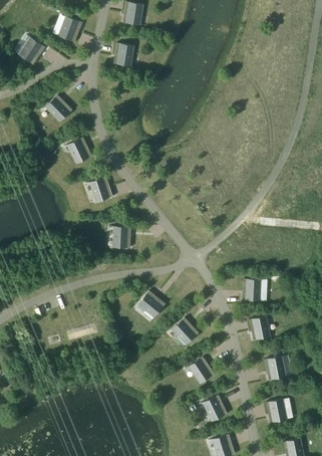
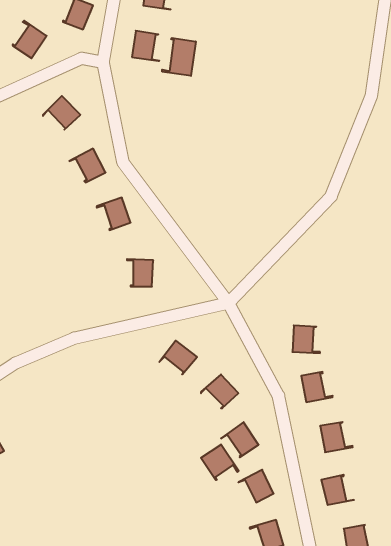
building: none -> [162,38,196,76]
building: none -> [201,444,239,480]

